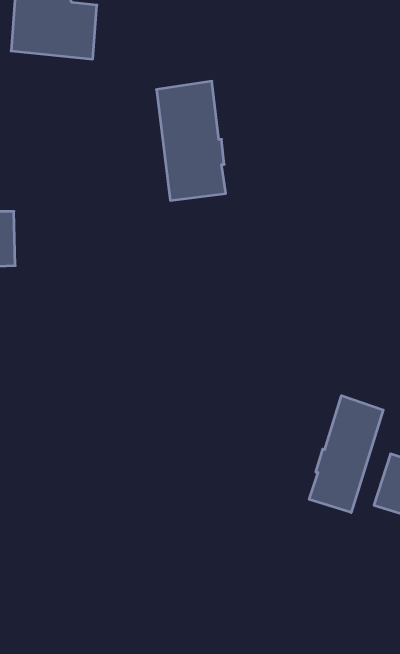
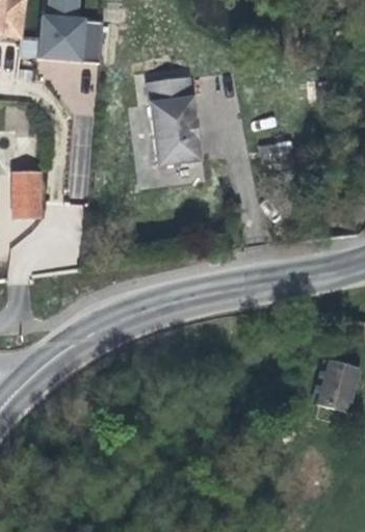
building: [309,396,383,513] -> none

